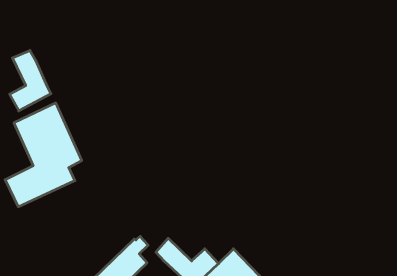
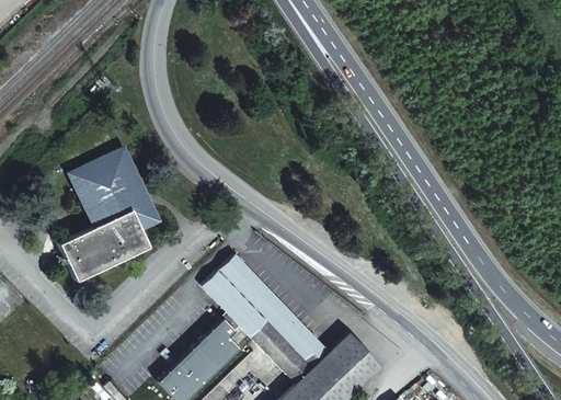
building: [10,50,51,111] -> none
building: none -> [202,255,311,347]

